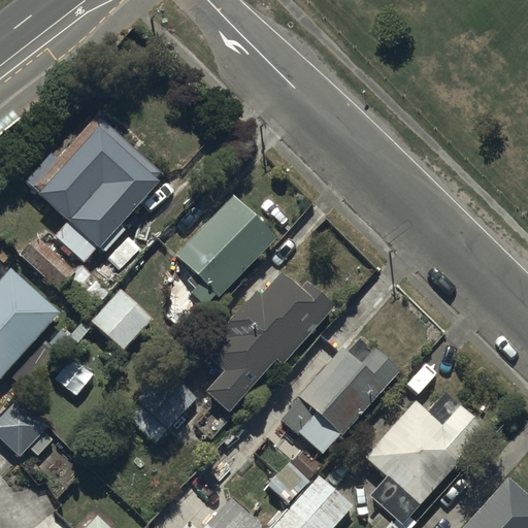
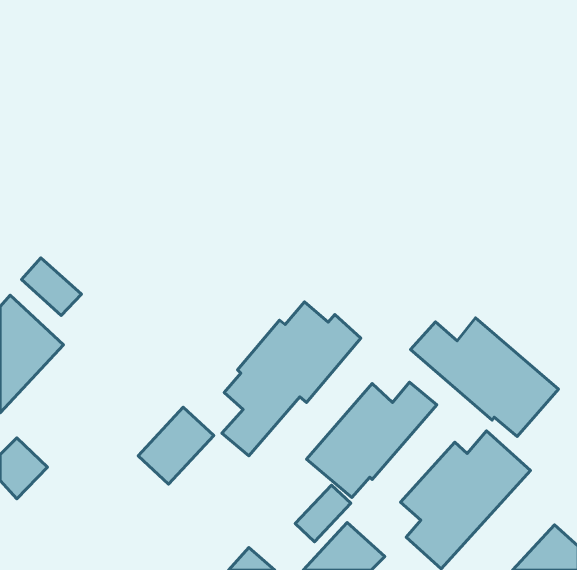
building: [24,111,160,256] -> none
building: [174,191,274,305] -> none
building: none -> [411,318,558,436]
building: [91,290,151,350] -> none

